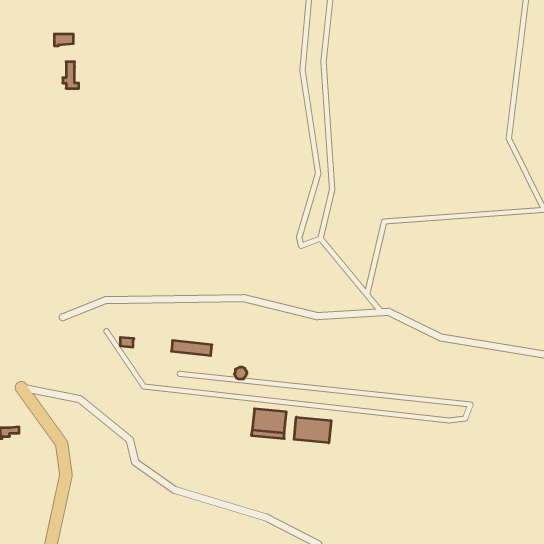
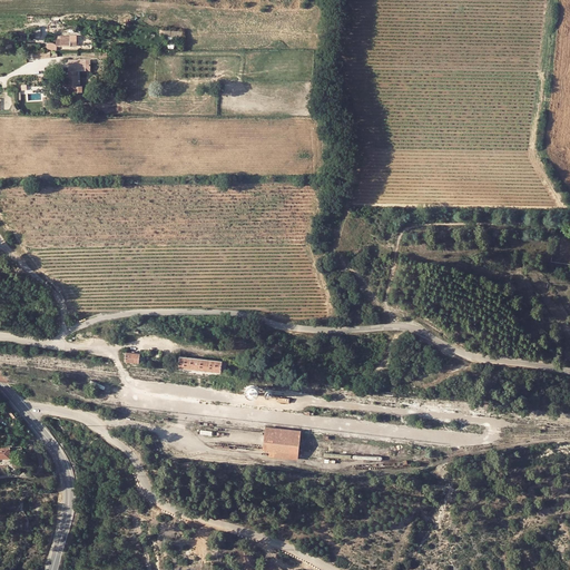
building: [294,417,331,443] -> none

